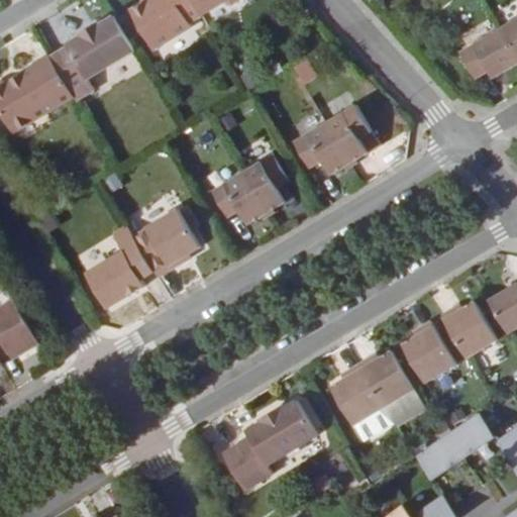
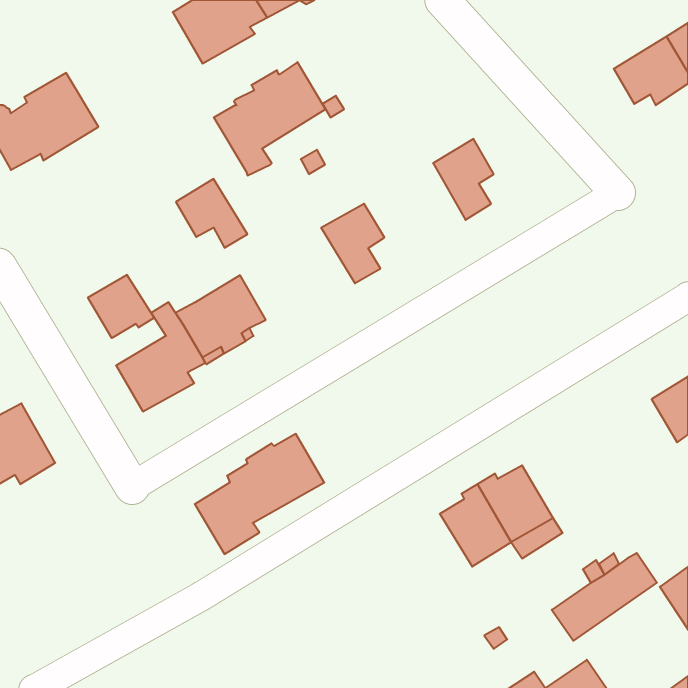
building: [49,14,133,99] -> [214,62,326,175]
building: [293,123,348,177] -> none
building: [212,172,266,223] -> [176,179,247,248]
building: none -> [88,275,154,338]
building: [439,300,495,357] -> none
building: [401,322,454,384] -> none
building: [222,401,319,491] -> [195,434,324,554]

